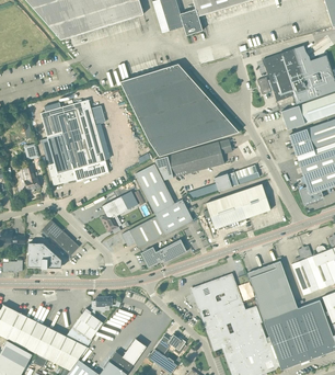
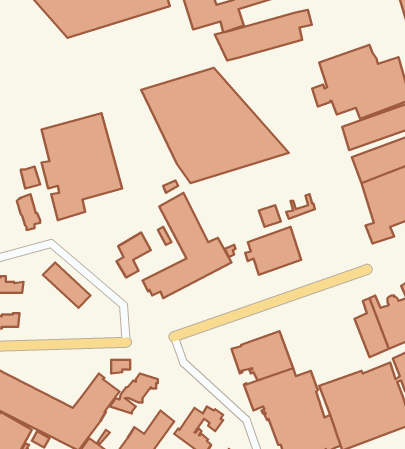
building: [154,139,232,180] -> [215,10,312,61]
building: [240,183,270,217] -> none
building: [141,239,187,268] -> none
building: [28,242,60,268] -> none
building: [247,261,297,318] -> none

